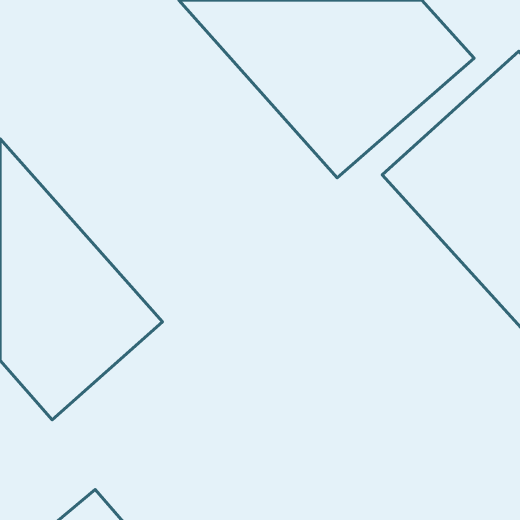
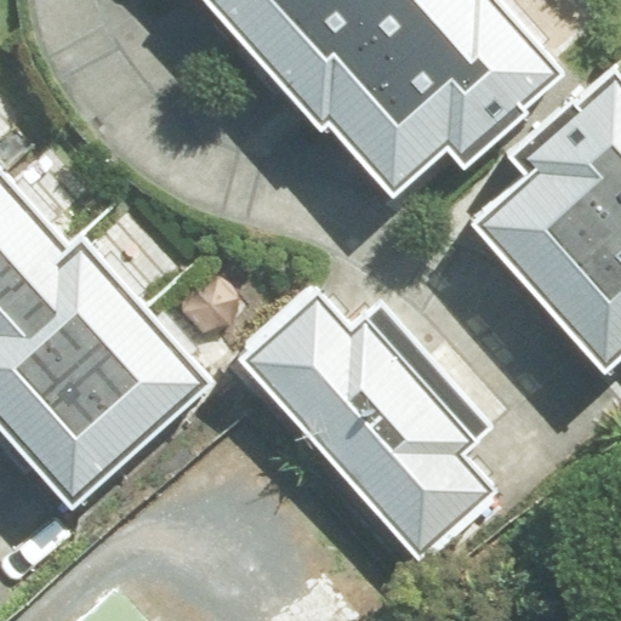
building: none -> [243,287,491,554]

